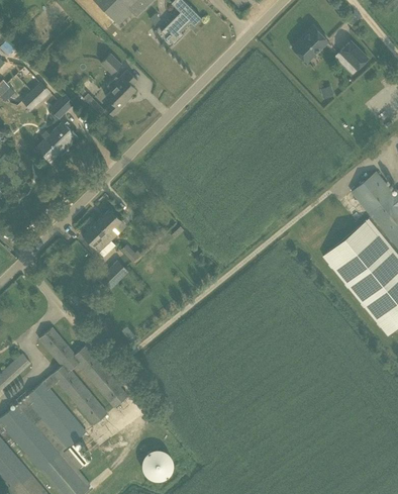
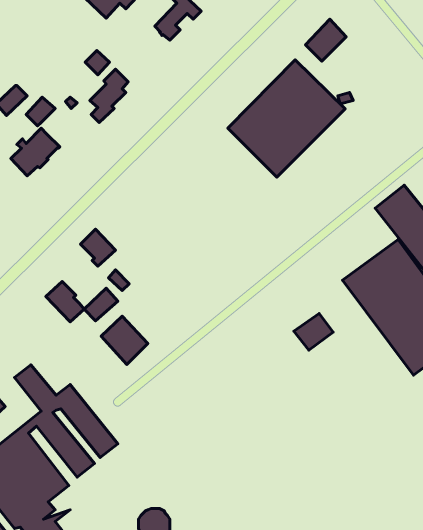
building: [337,40,367,71] -> none
building: none -> [228,60,345,177]
building: [81,222,114,258] -> [46,281,84,322]
building: none -> [294,313,333,350]
building: none -> [101,316,148,365]

